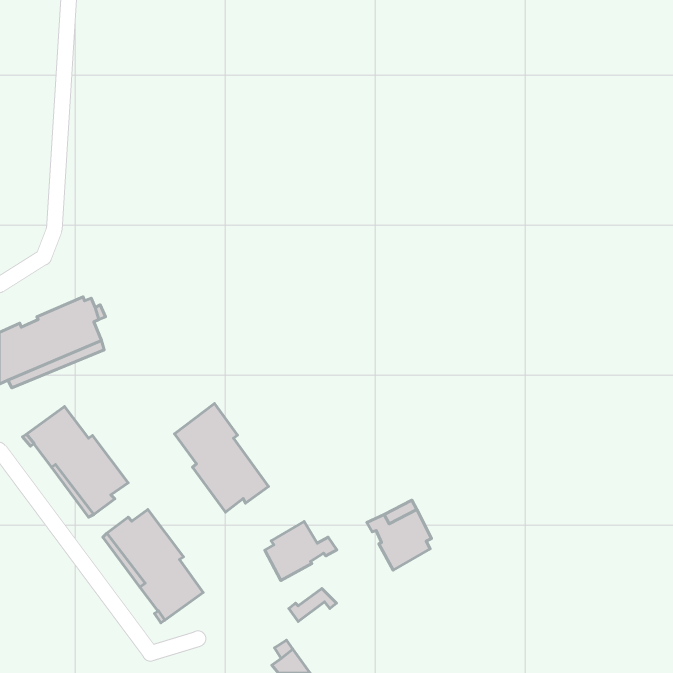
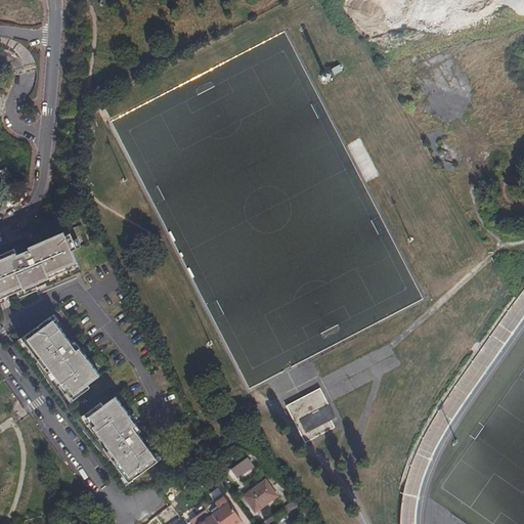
building: [174,403,268,512] -> none
building: [265,521,337,581] -> none
building: none -> [243,480,275,512]

